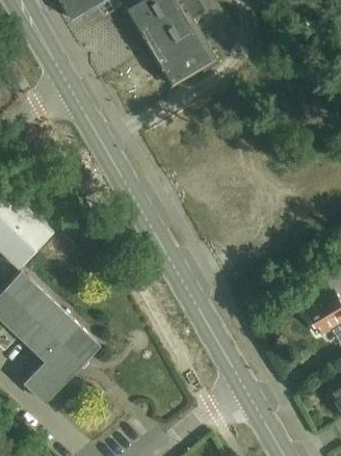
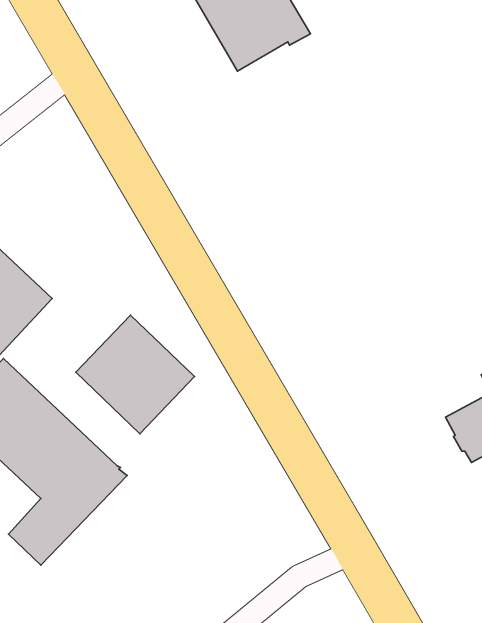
building: none -> [76,315,194,434]

